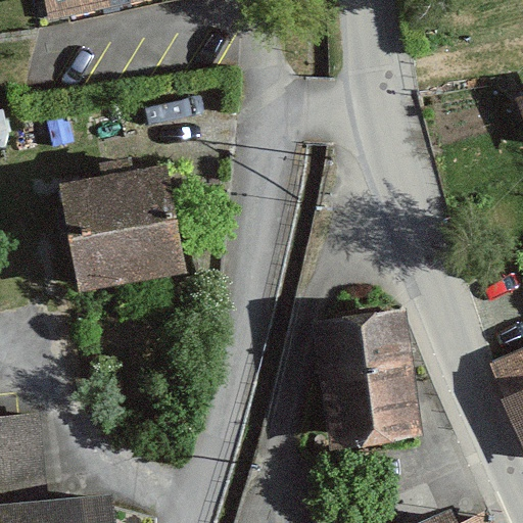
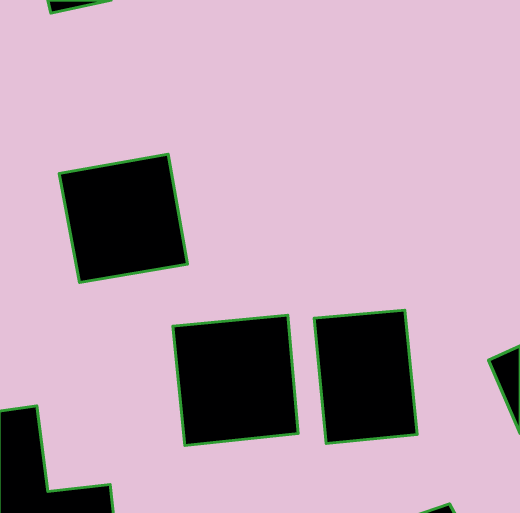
building: none -> [173,315,298,445]

